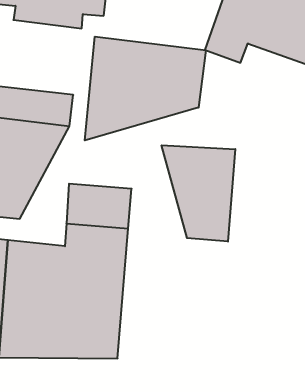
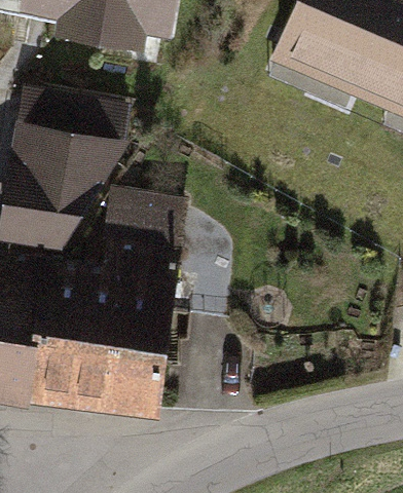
building: [85,37,206,140] -> none
building: [162,145,235,242] -> none

